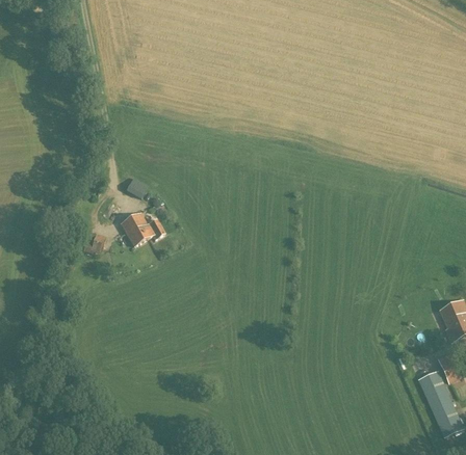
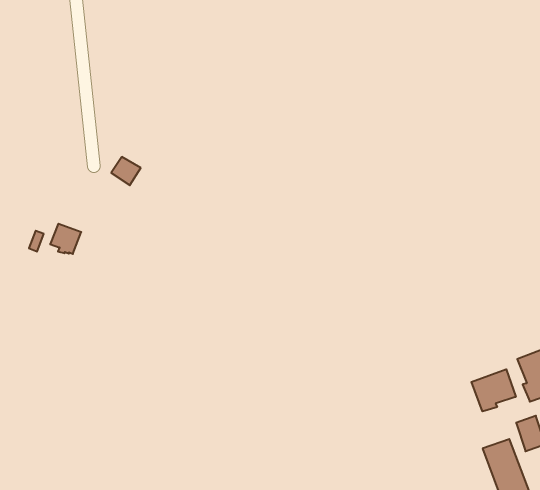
building: [121,211,164,245] -> none
building: none -> [471,369,516,411]

